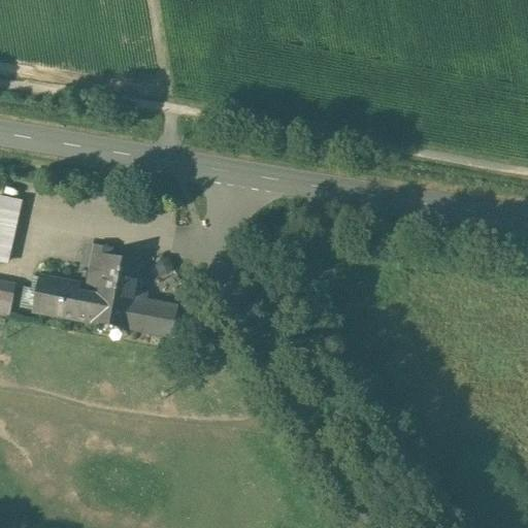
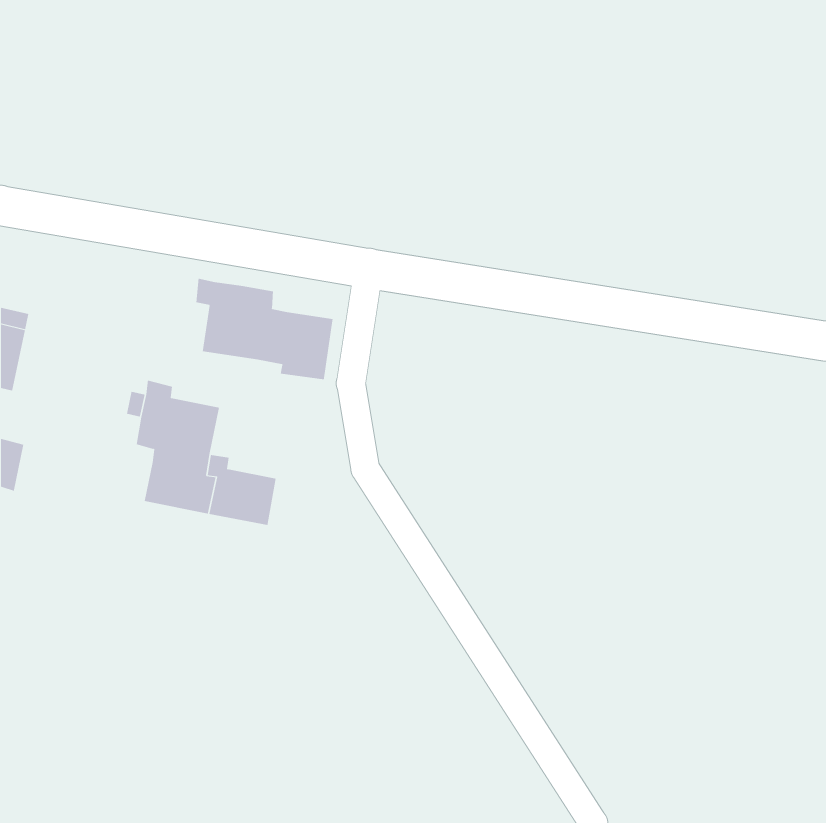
building: none -> [196,278,333,380]
building: [33,275,97,320] -> none

